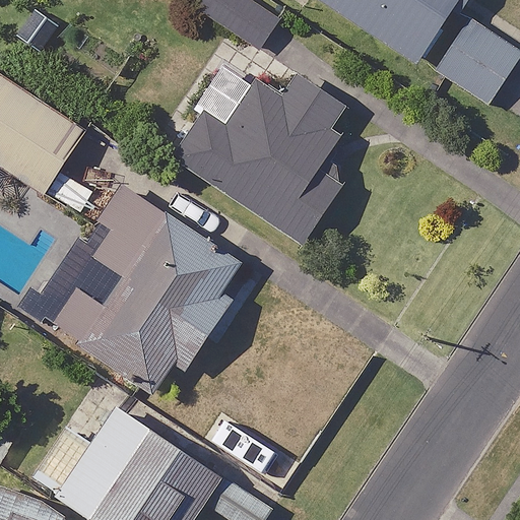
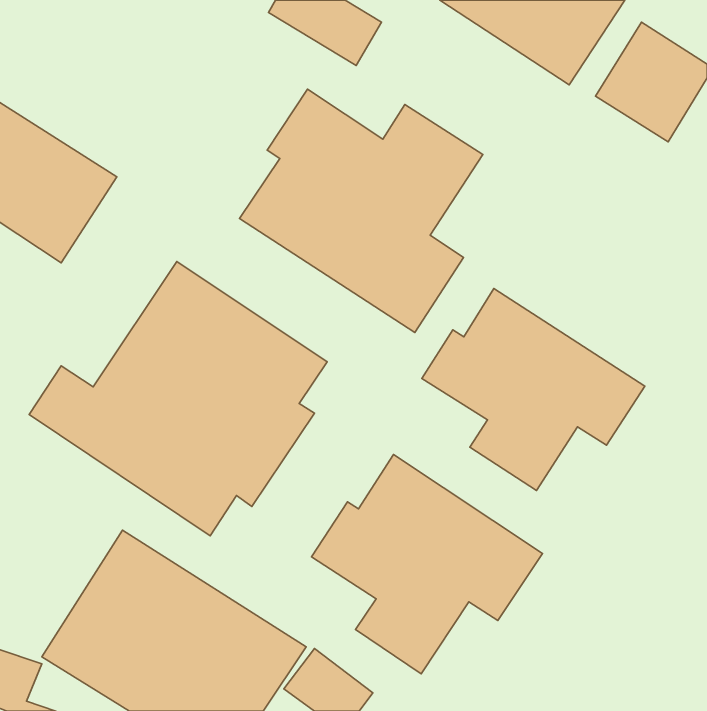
building: none -> [422,288,645,491]
building: none -> [311,454,542,674]

